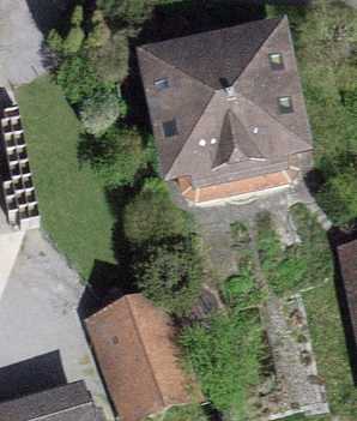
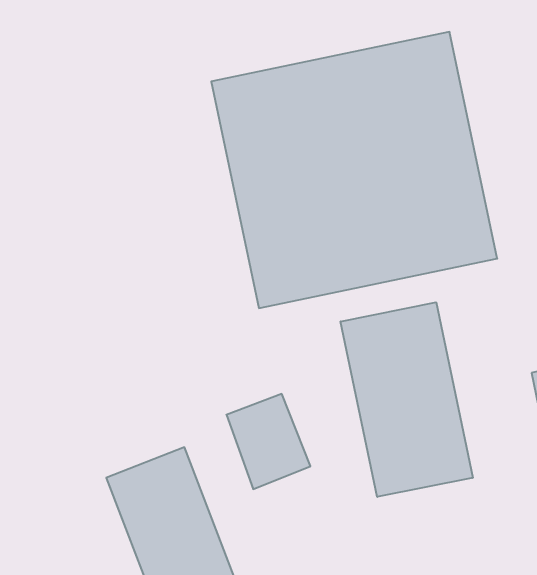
building: none -> [341,302,473,497]

